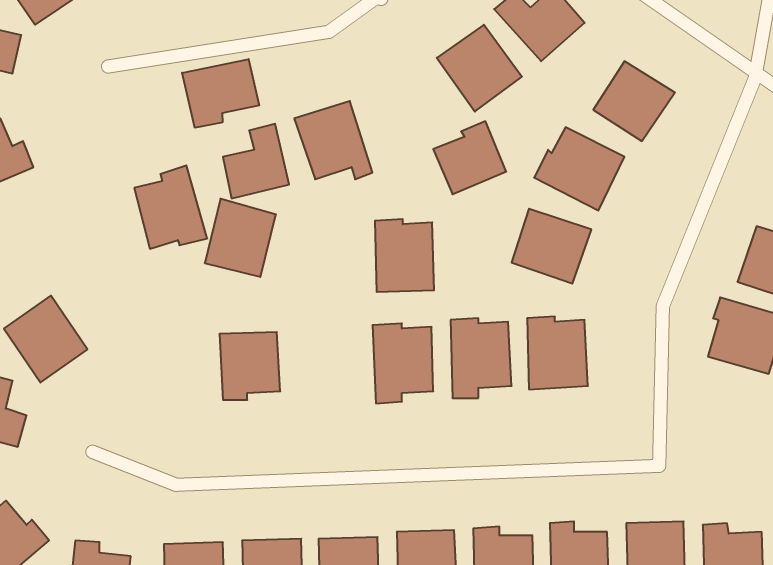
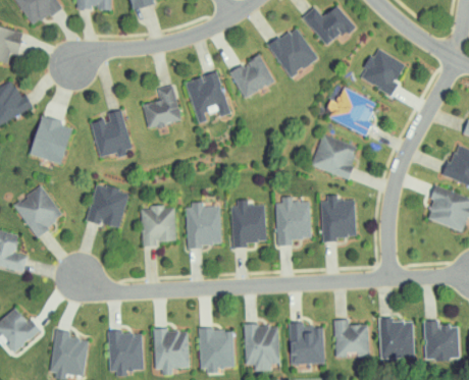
building: [182,59,259,128] -> none
building: [433,121,506,194] -> [230,54,273,97]
building: none -> [30,116,71,164]
building: [205,199,276,277] -> [87,183,128,229]
building: [375,219,434,292] -> [187,204,221,247]

